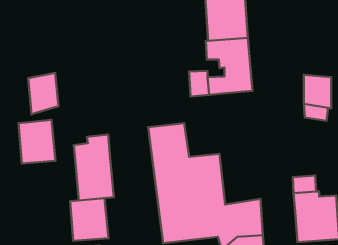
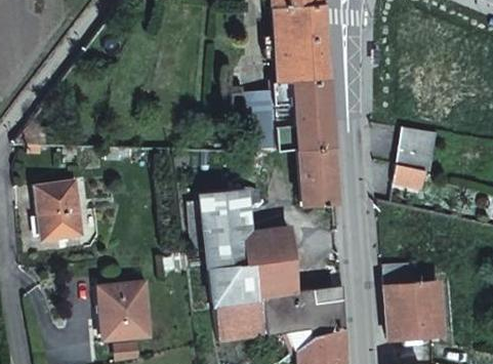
building: [28,73,59,114] -> none
building: none -> [299,146,337,204]
building: [74,135,114,200] -> none

